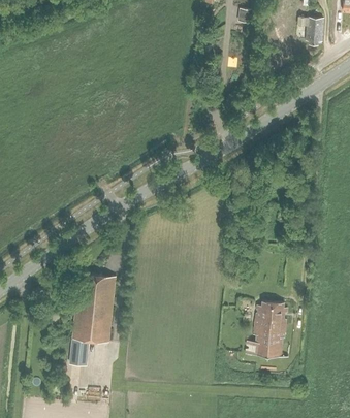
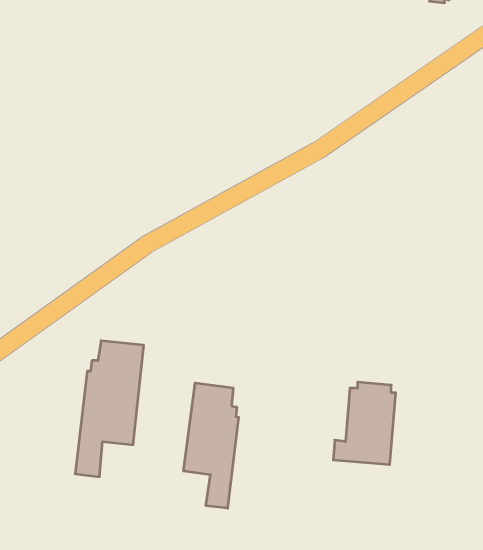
building: none -> [184,383,239,508]

